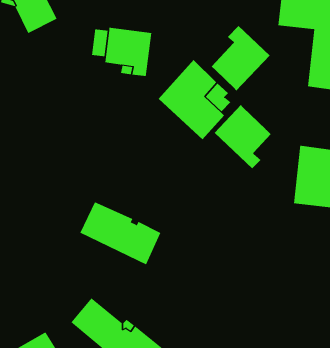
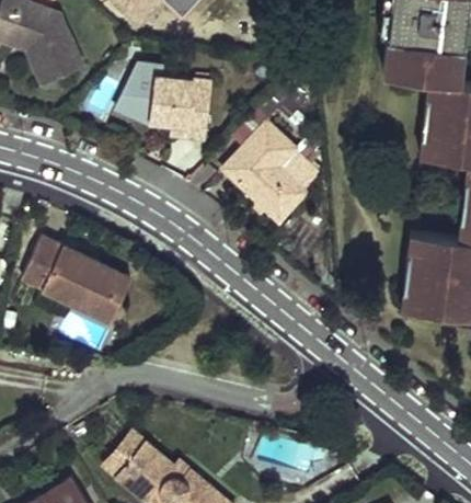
building: [211,25,270,92] -> none
building: [214,104,272,169] -> none
building: [80,202,161,265] -> [24,235,133,319]

